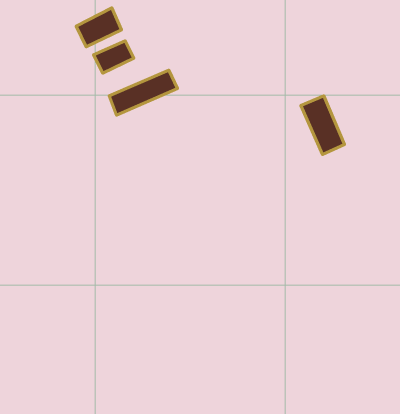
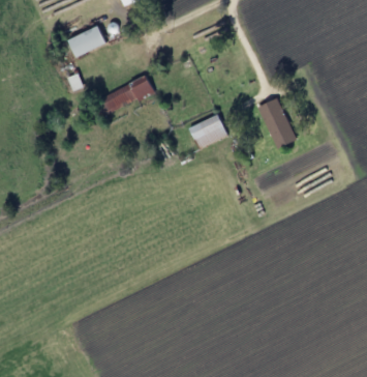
building: [93,41,134,73] -> none
building: none -> [188,115,226,148]

